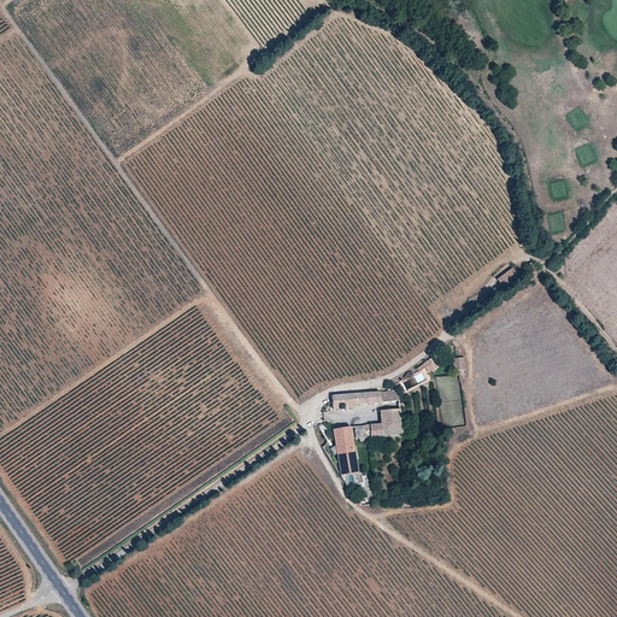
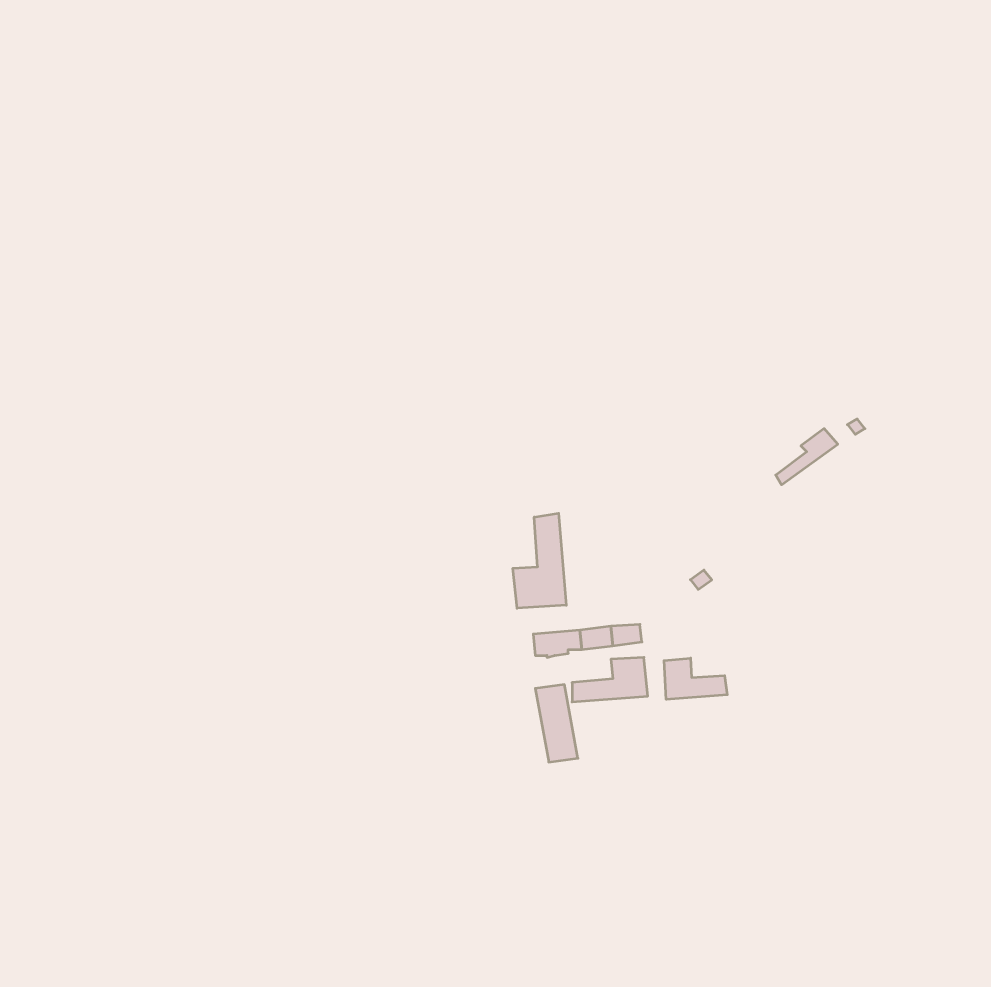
building: none -> [513,513,566,608]
building: none -> [664,658,727,699]

